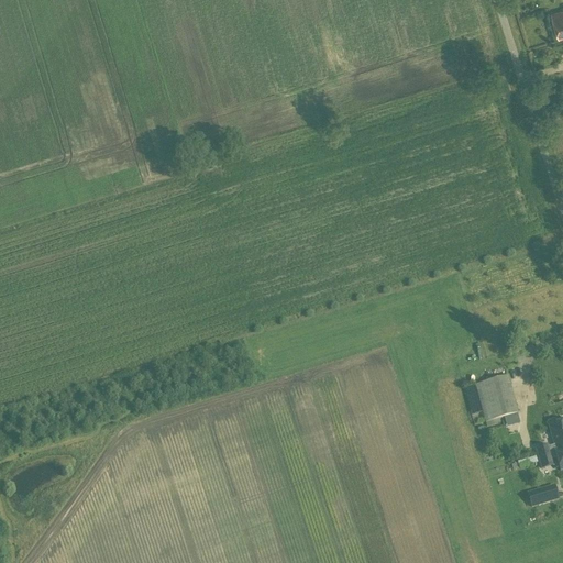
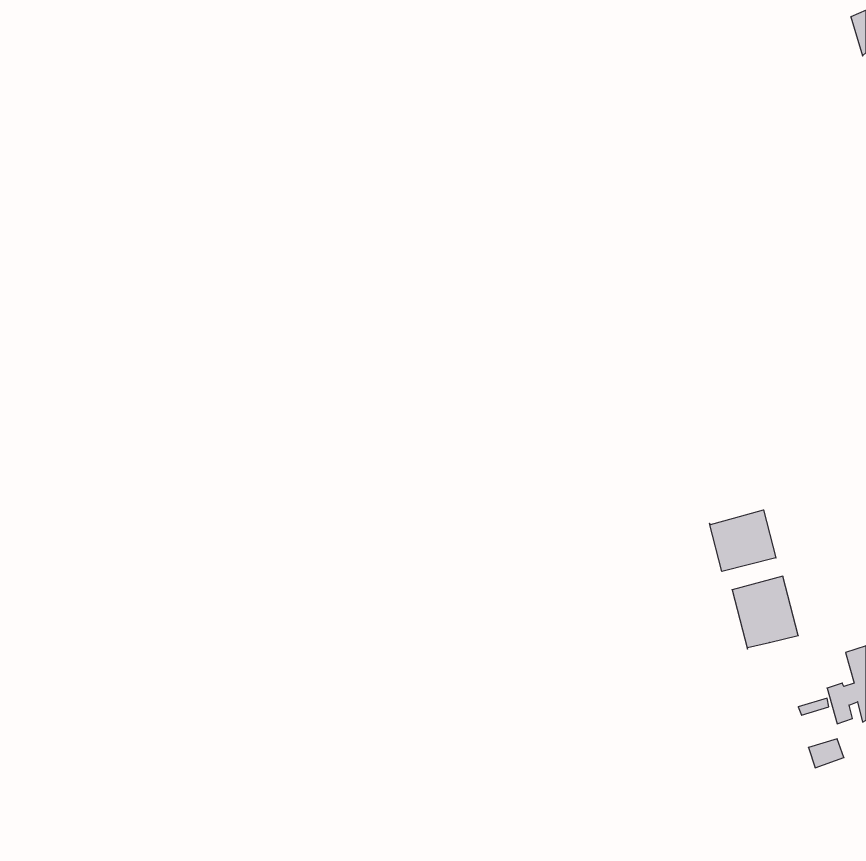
building: none -> [710,510,776,571]

